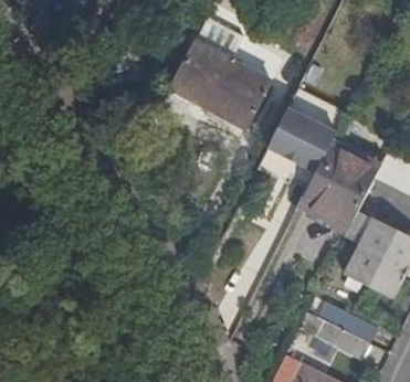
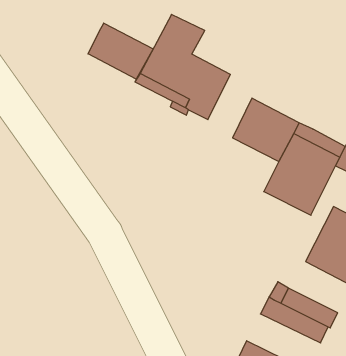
building: none -> [88,23,153,79]

